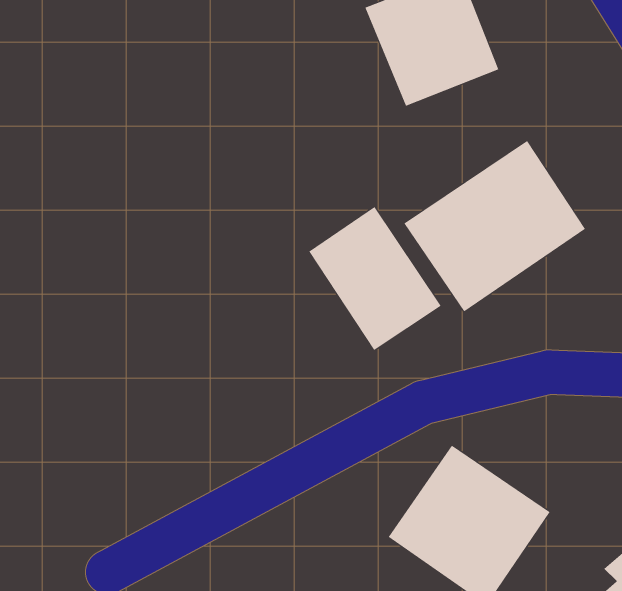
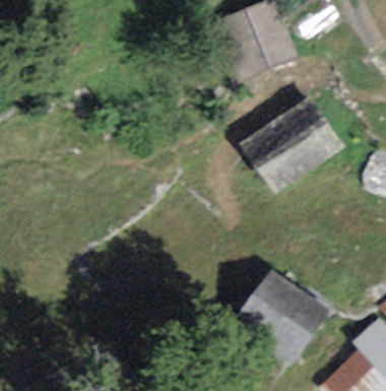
building: [308,206,441,351] -> none

